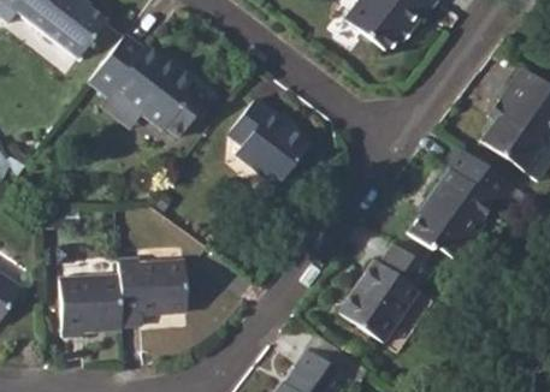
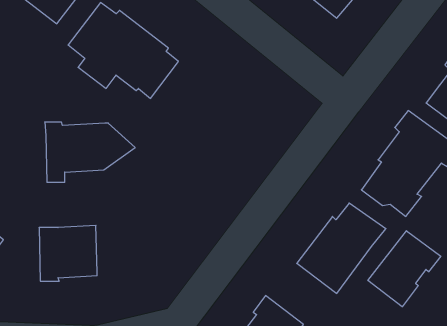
building: [230,101,311,188] -> none
building: [122,259,219,323] -> [45,122,135,182]
building: none -> [368,231,441,307]

